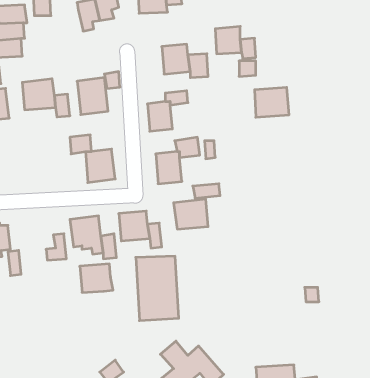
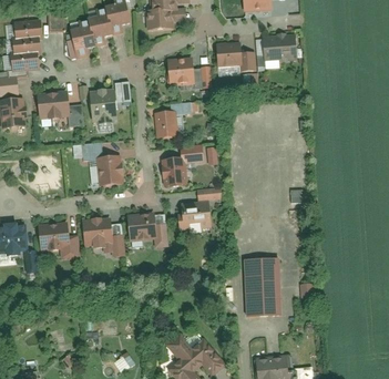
building: none -> [71,24,94,57]
building: [255,87,289,117] -> [264,32,296,60]
building: [136,256,179,321] -> [243,256,283,316]
building: [80,264,113,292] -> [38,222,69,248]

